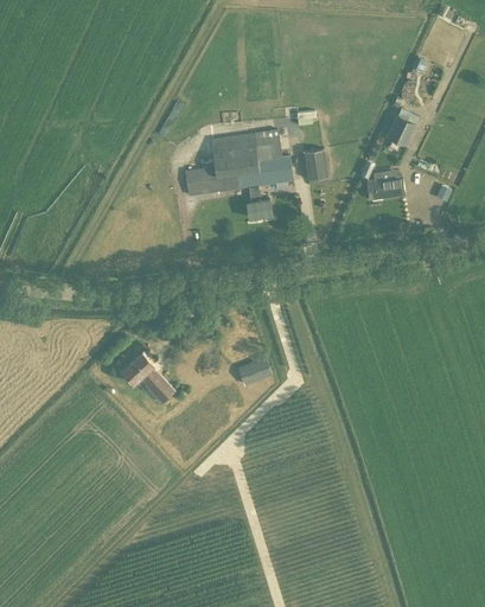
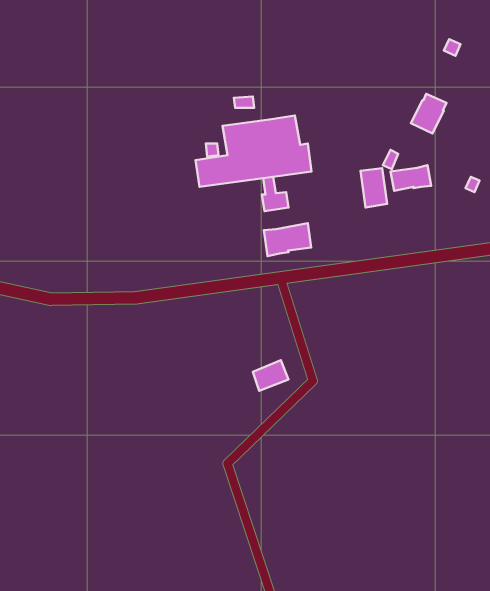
building: [302,149,327,186] -> [361,168,387,208]
building: none -> [264,223,311,256]
building: [121,352,172,403] -> none

